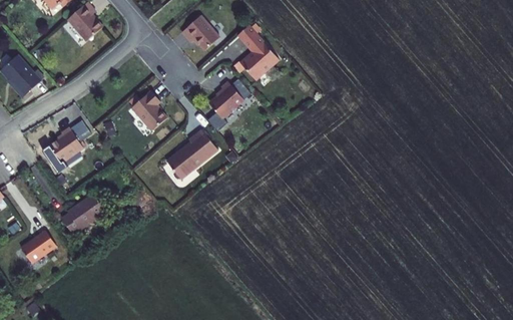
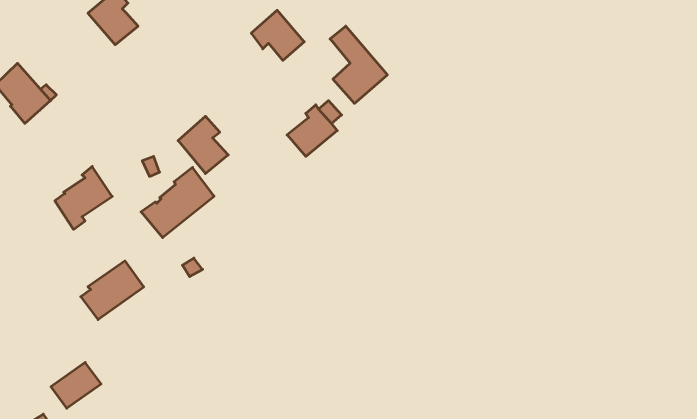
building: [164,129,215,179] -> [141,167,214,238]
building: [22,229,57,261] -> [51,362,101,408]

